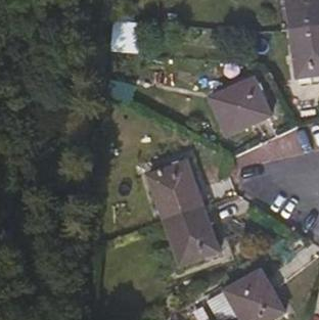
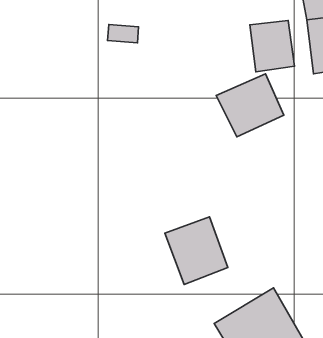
building: none -> [250,20,295,72]
building: [146,162,202,220] -> none

